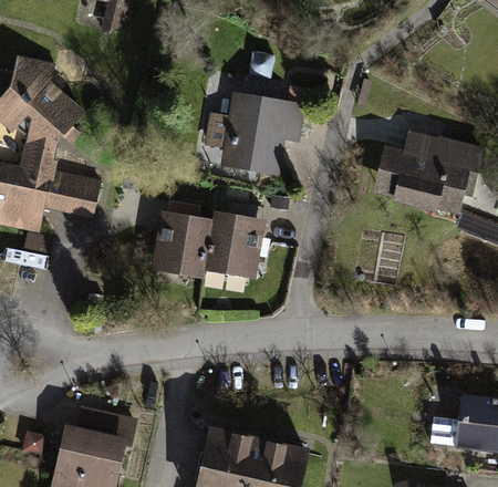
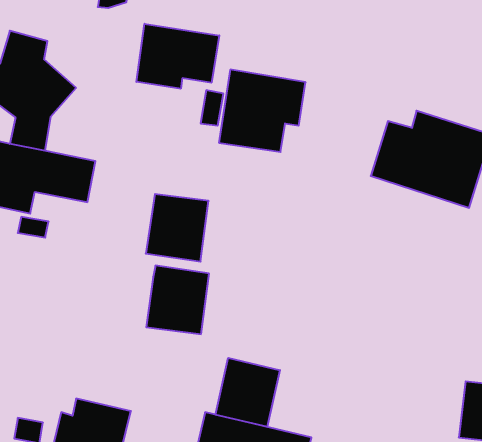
building: none -> [136,24,219,89]
building: [203,208,263,274] -> [146,266,209,334]
building: none -> [215,358,280,427]

